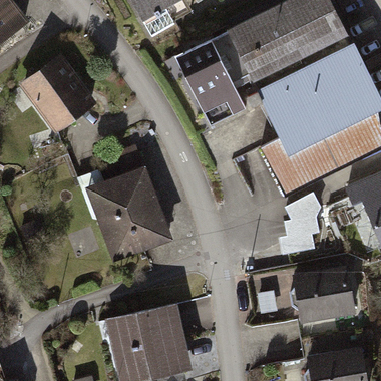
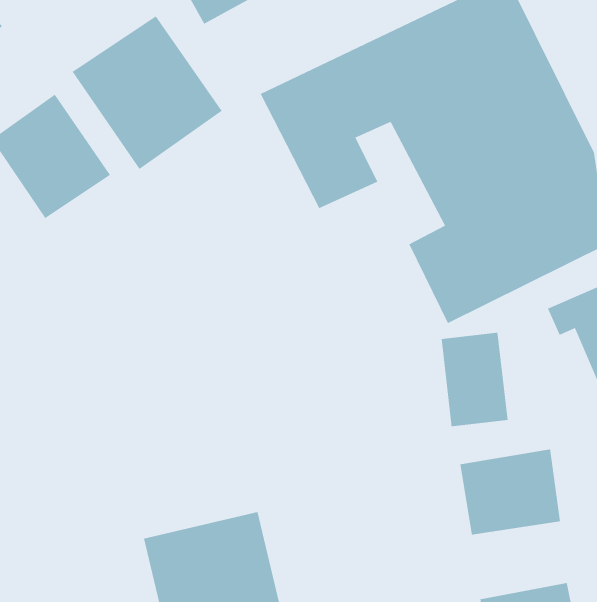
building: none -> [72,15,222,170]
building: [88,166,170,254] -> none

